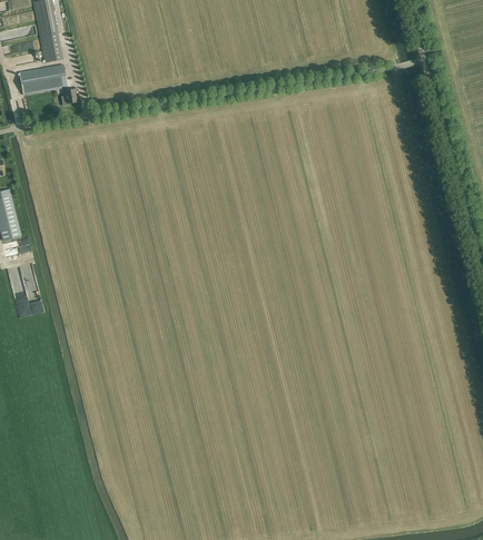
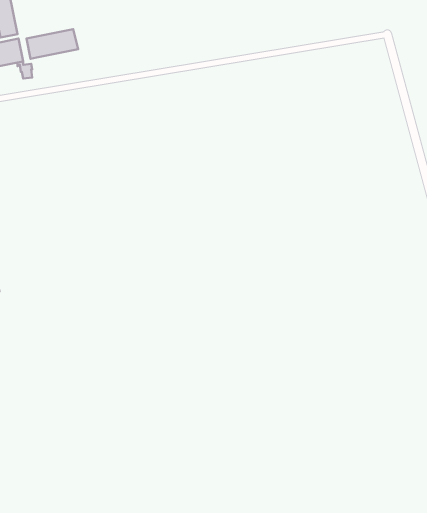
building: none -> [26,29,78,59]

